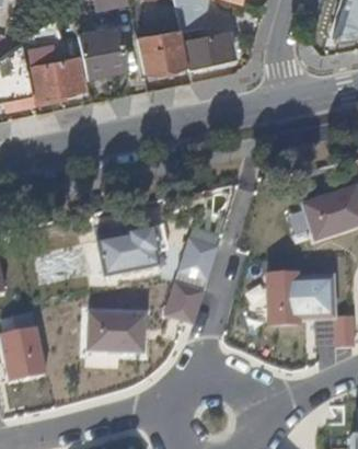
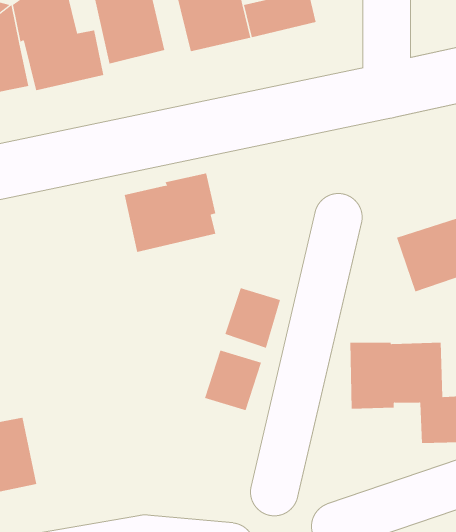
building: [95,222,160,278] -> [124,173,216,252]
building: [86,311,143,353] -> none

